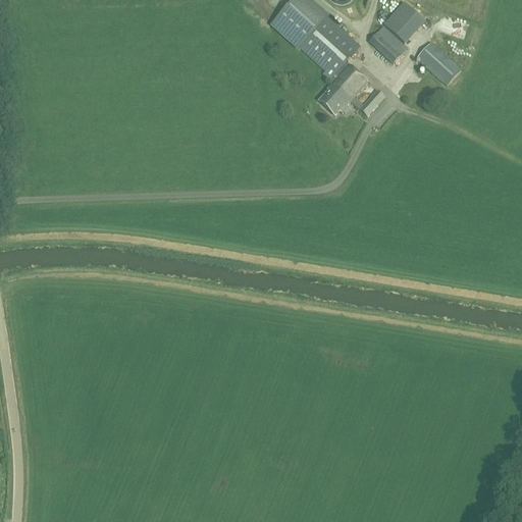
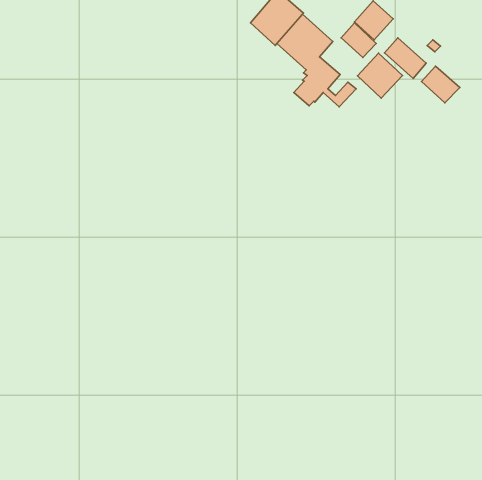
building: none -> [357,53,402,98]
building: none -> [422,66,460,103]

